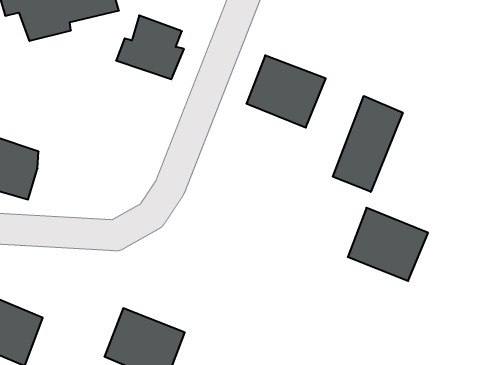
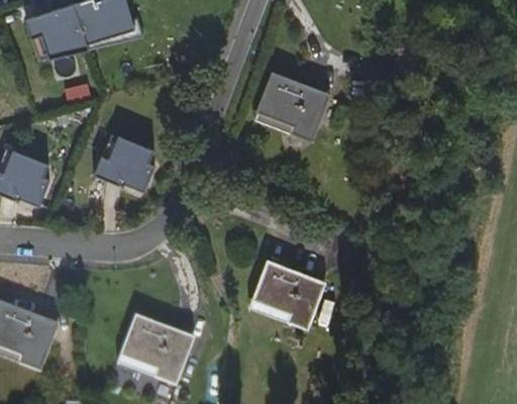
building: [116,15,184,79] -> [94,133,160,195]
building: [333,96,403,192] -> none
building: [348,208,428,281] -> [249,258,327,328]

